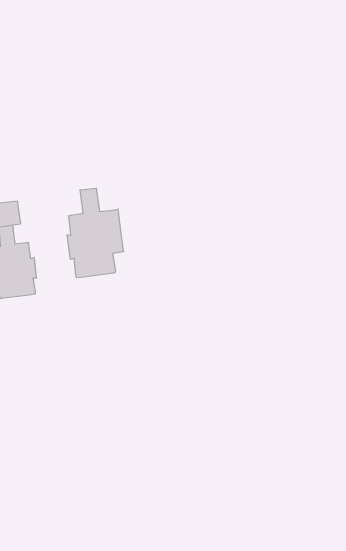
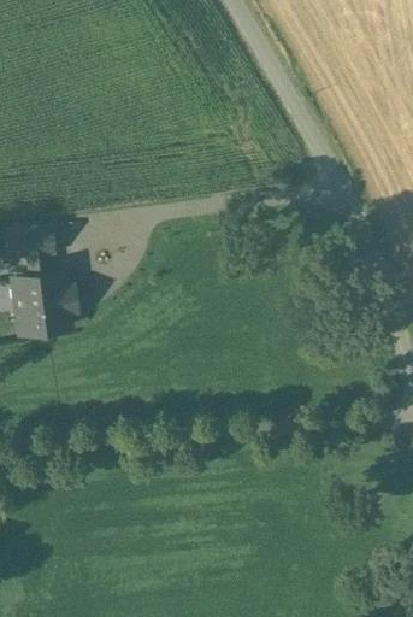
building: [67,188,123,278] -> none

